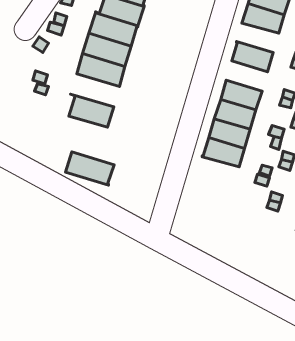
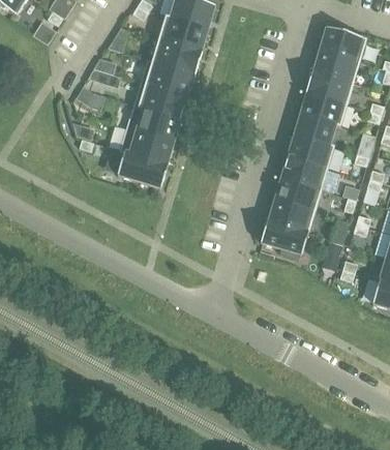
building: none -> [305,69,353,102]
building: none -> [294,112,340,146]
building: [65,152,114,185] -> [119,126,174,163]
building: none -> [260,219,308,253]

